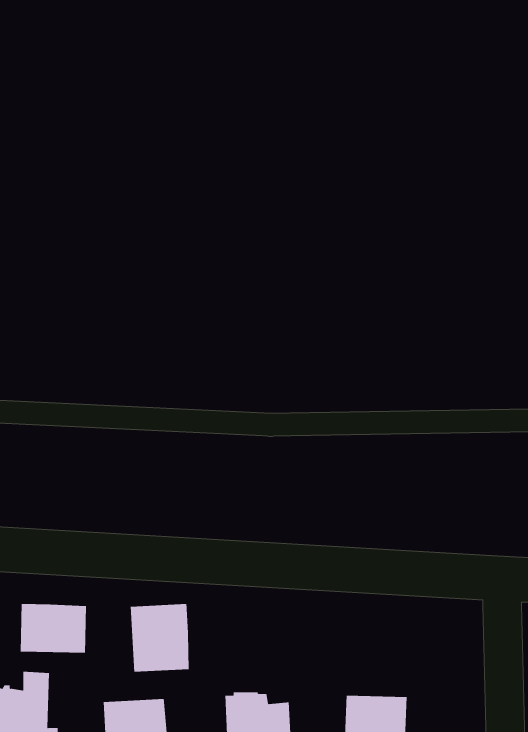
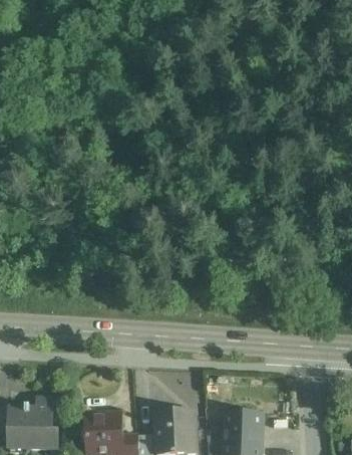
building: [20,603,86,653] -> none
building: [130,603,189,673] -> none

